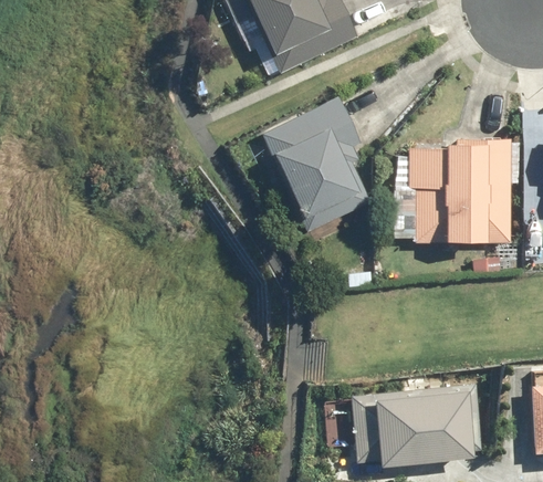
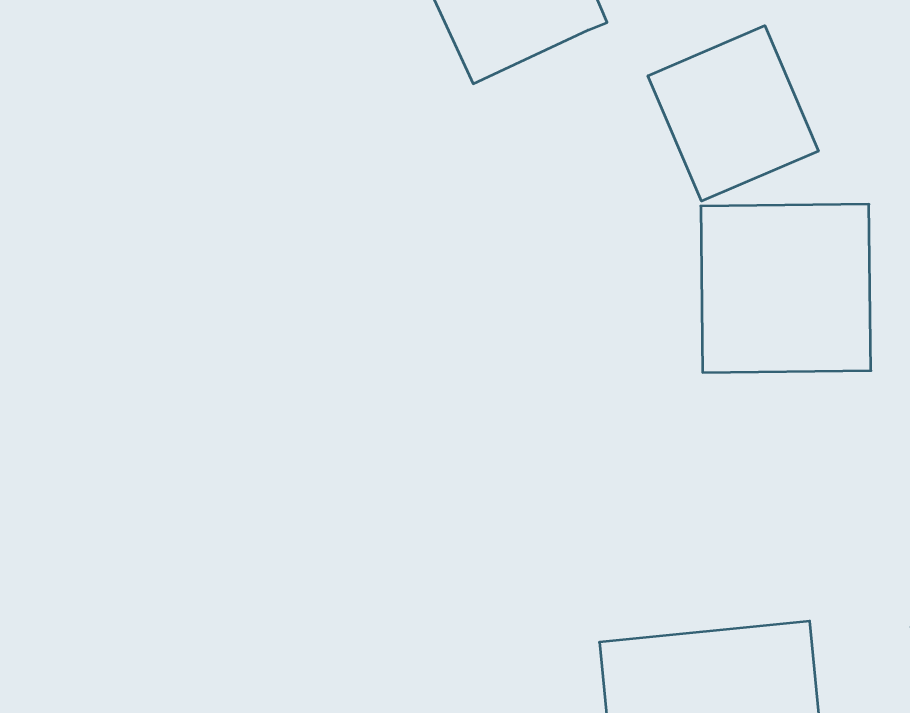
building: none -> [648,26,818,201]
building: [261,97,364,229] -> none

